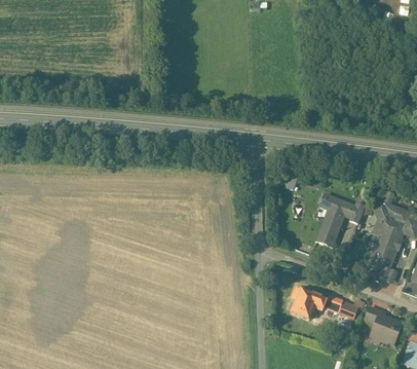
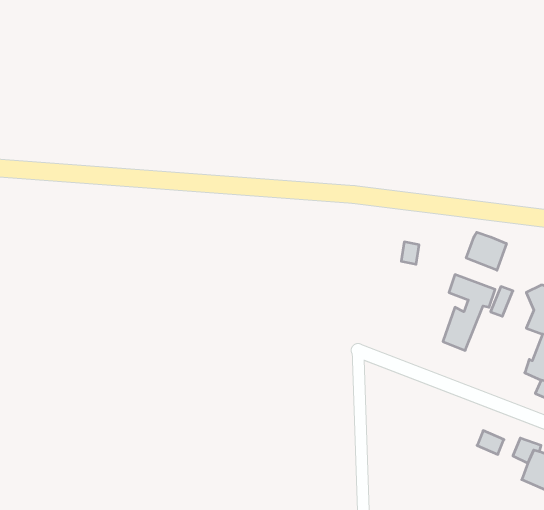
building: none -> [466,232,506,270]
building: [292,288,325,319] -> none

